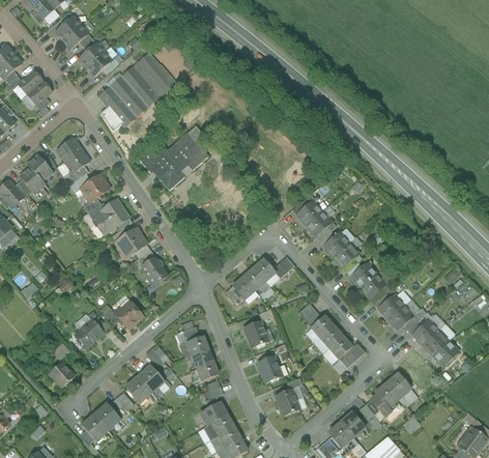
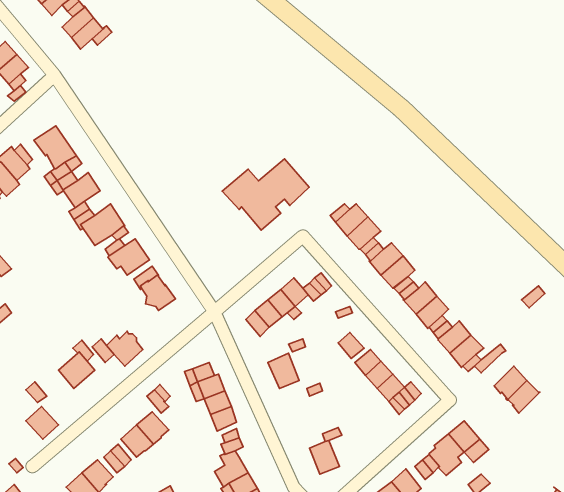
building: [98,53,175,126] -> none
building: [138,133,207,190] -> [222,159,309,230]
building: [412,314,444,345] -> none
building: [257,354,281,383] -> none

